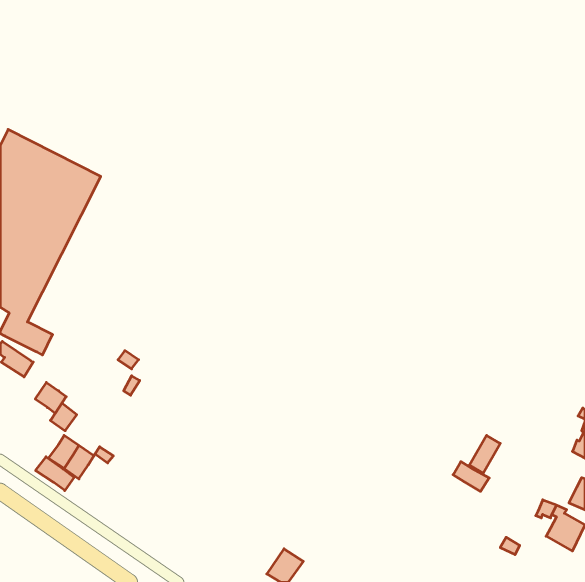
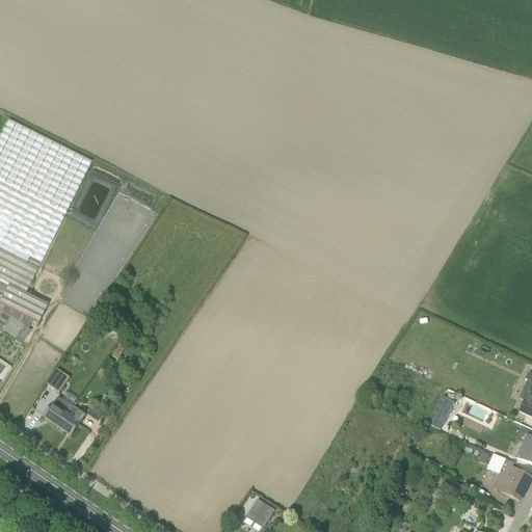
building: [35,382,66,413] -> none
building: [36,457,74,491] -> none
building: [453,462,489,491] -> none

